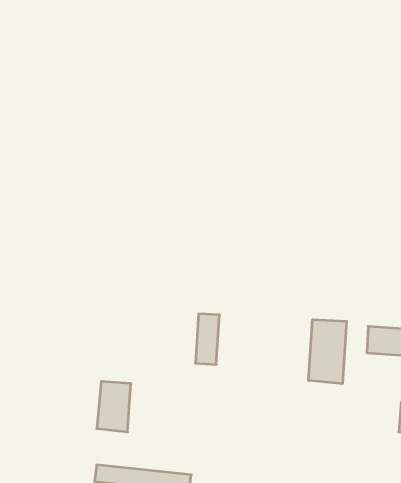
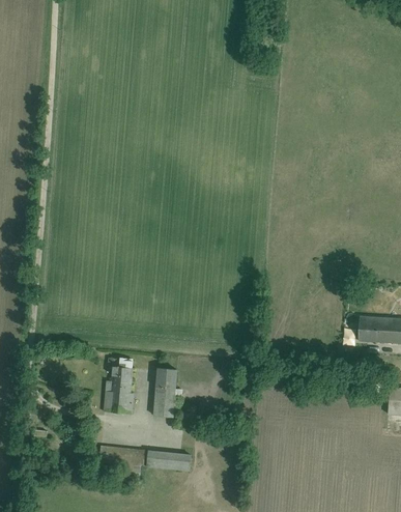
building: [195,314,220,364] -> [154,369,177,417]
building: [309,320,347,384] -> none

